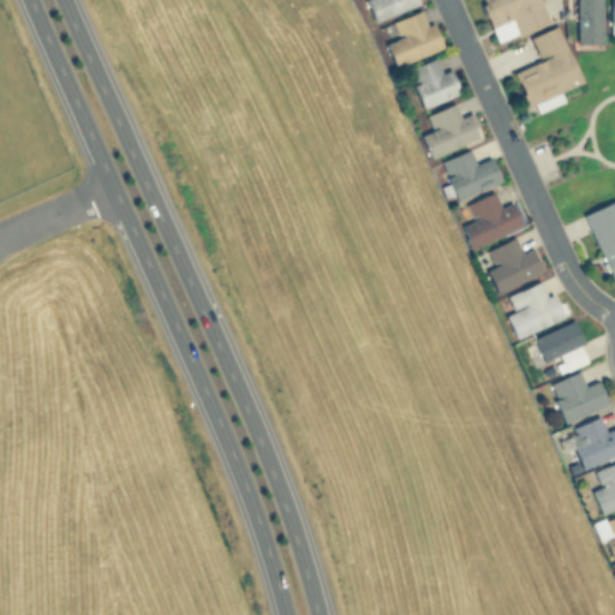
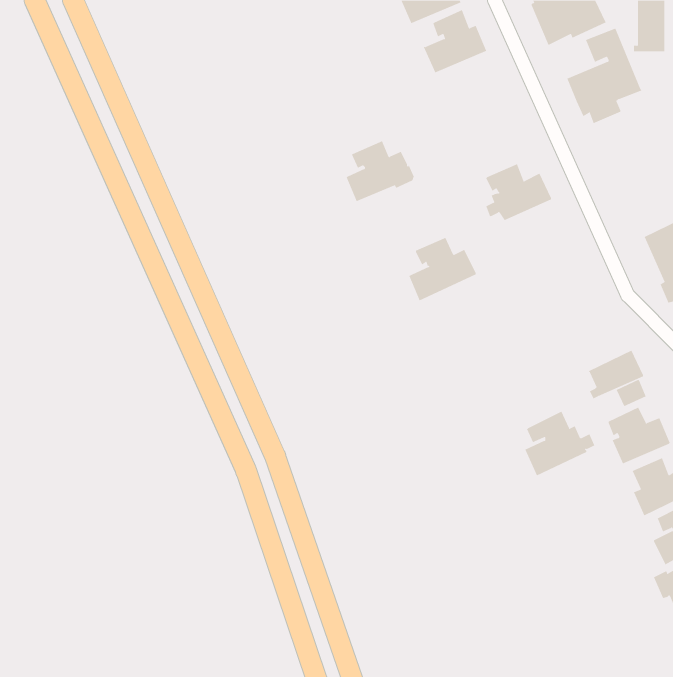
building: [410,59,464,111] -> none
building: [424,105,486,160] -> [345,141,415,202]
building: [464,193,525,251] -> [409,237,476,301]
building: [489,239,545,294] -> none
building: [509,282,573,341] -> [525,411,595,476]

